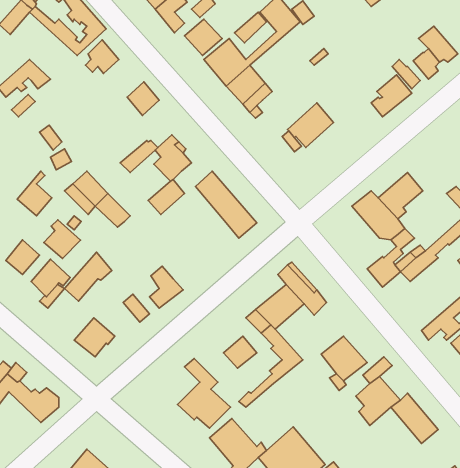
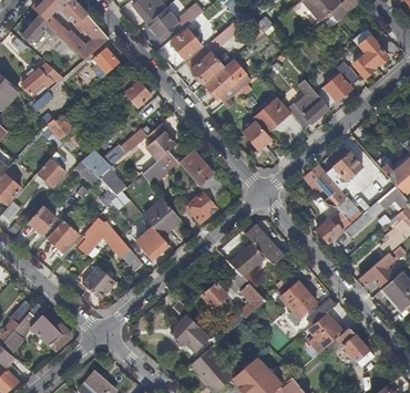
building: none -> [291,82,328,130]
building: [44,220,80,258] -> none
building: none -> [185,192,217,223]
building: none -> [145,197,182,236]

